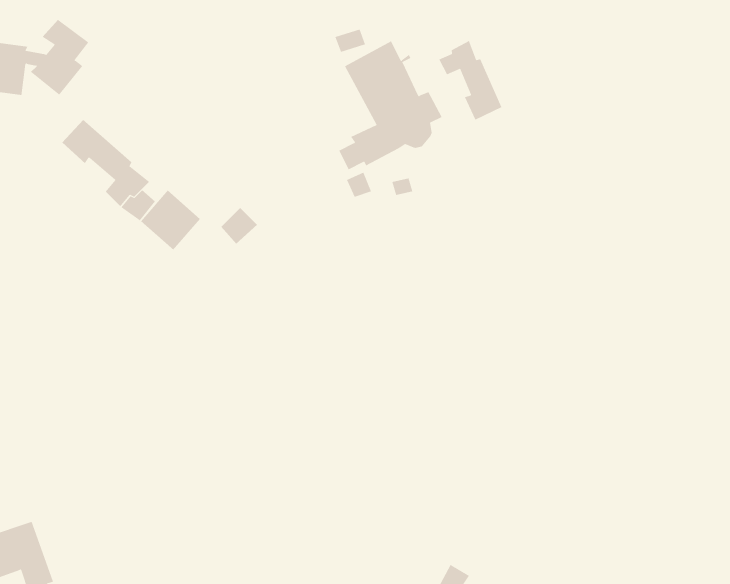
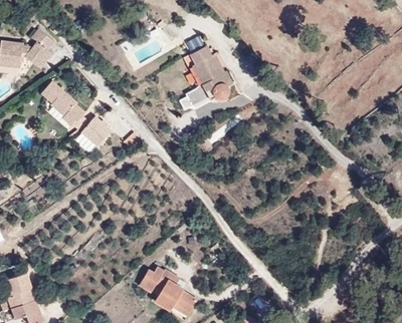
building: [438,40,502,120] -> none
building: none -> [128,259,190,309]

